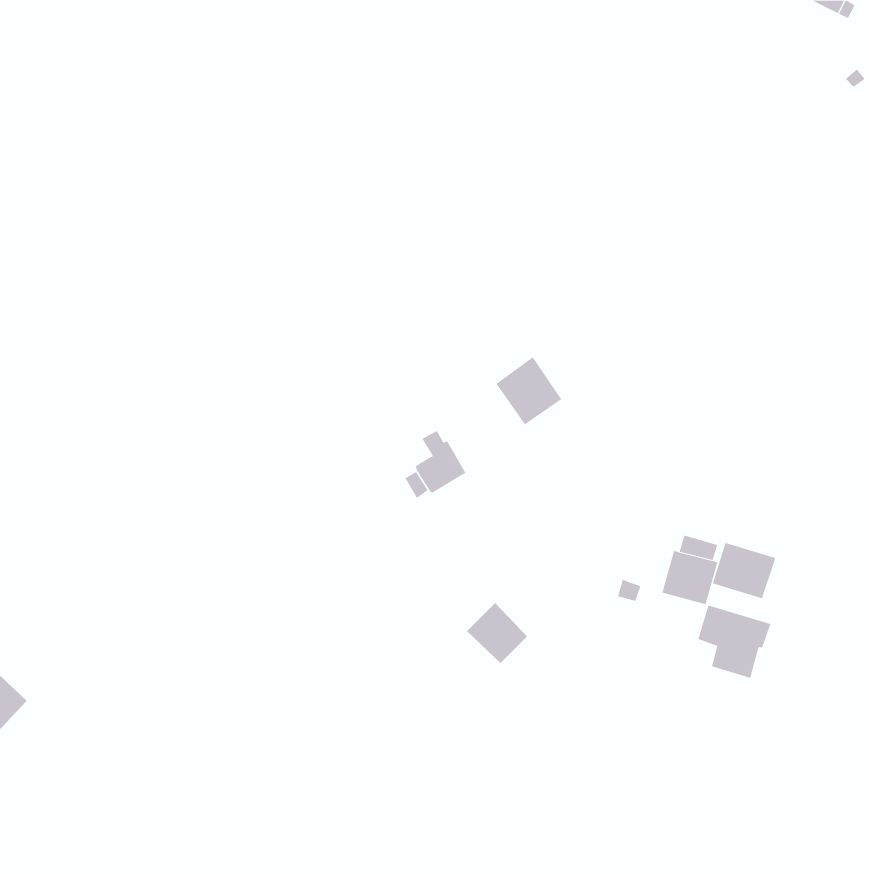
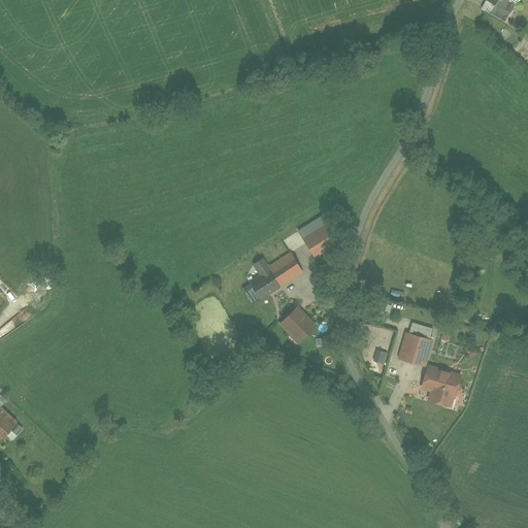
building: none -> [269,254,302,286]
building: [712,542,776,599] -> none
building: [466,602,528,664] -> [278,306,316,343]

